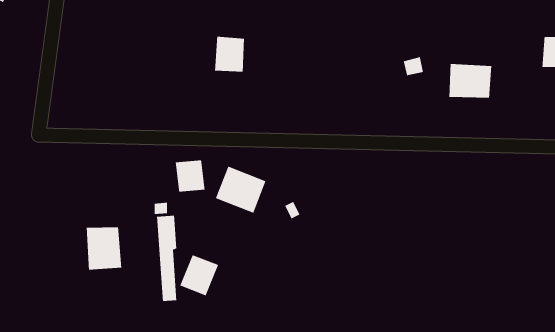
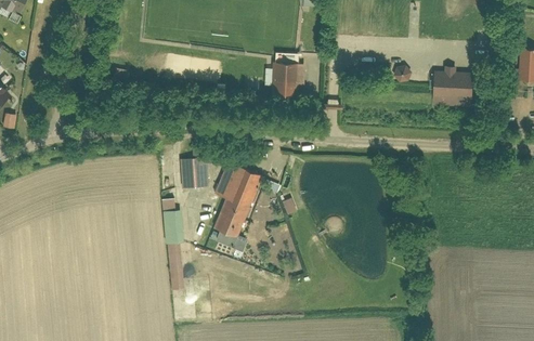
building: [214,36,245,72] -> [275,60,303,93]
building: [86,226,122,271] -> none
building: [179,254,219,296] -> [216,198,252,237]

